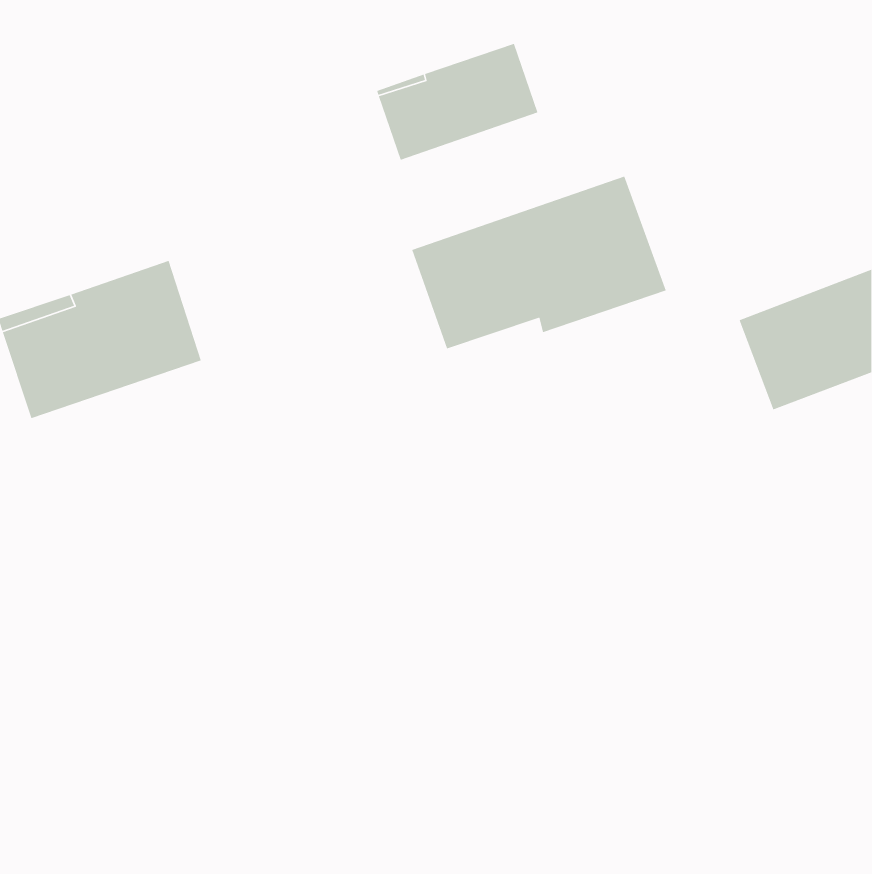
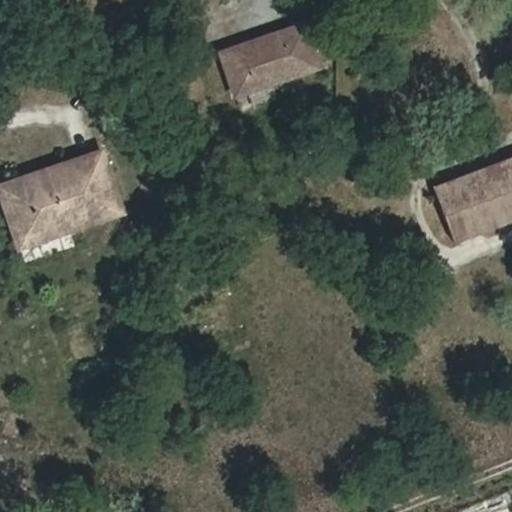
building: [411,176,667,350] -> none

